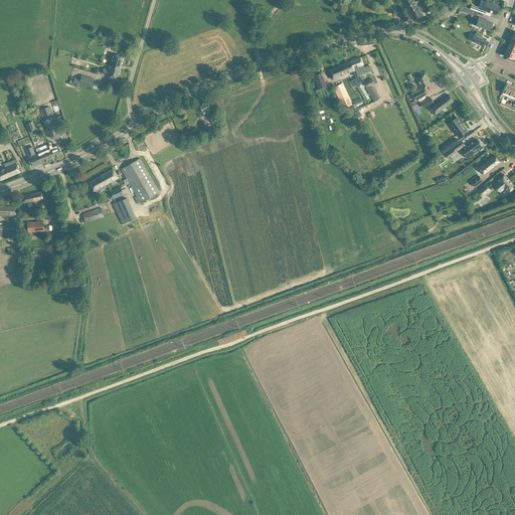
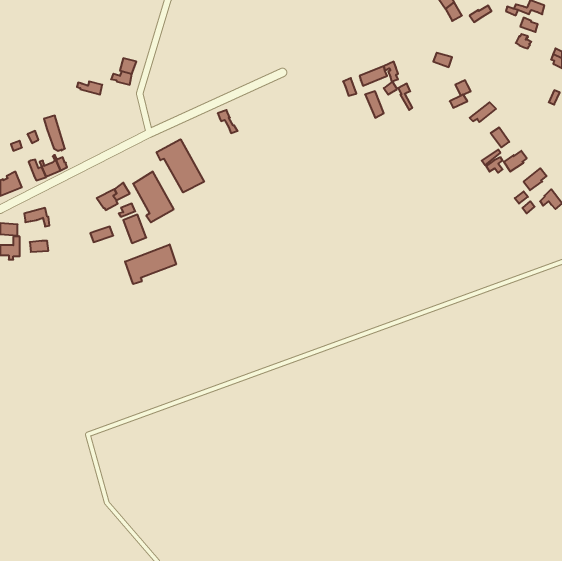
building: none -> [157,139,204,192]
building: none -> [125,244,176,284]

